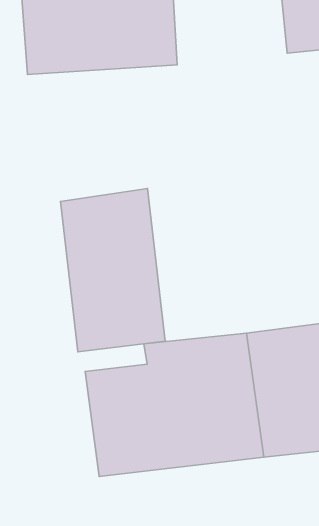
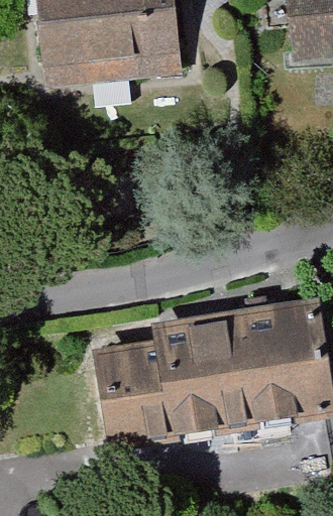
building: [61,188,165,352] -> none

